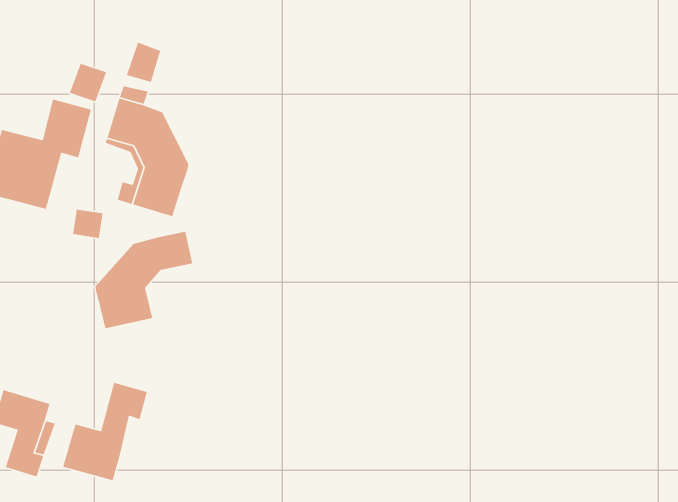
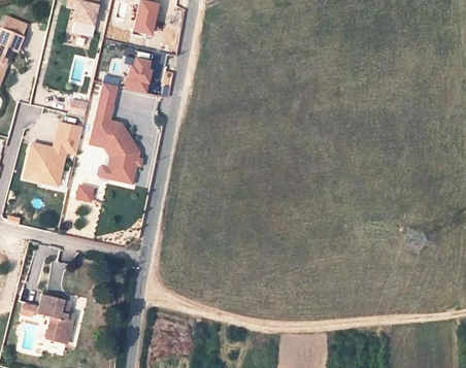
building: none -> [129,66,152,93]
building: [94,231,193,329] -> none
building: [62,382,148,481] -> none

